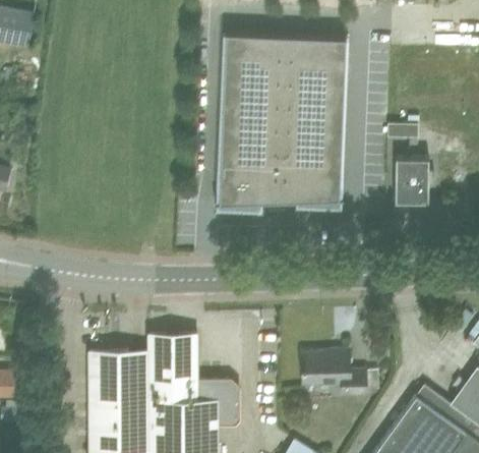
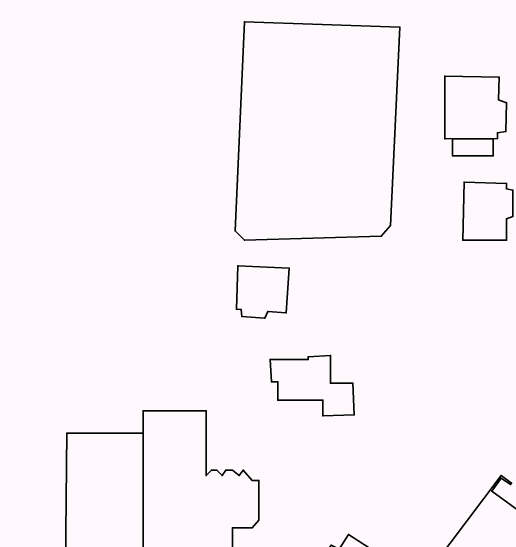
building: none -> [445,76,507,139]
building: none -> [236,266,289,318]
building: [302,349,367,396] -> [270,356,354,416]

